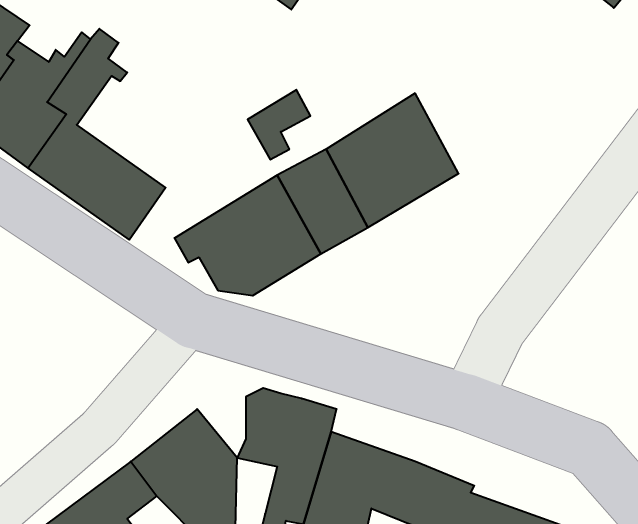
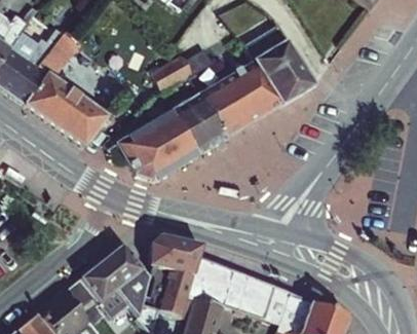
building: none -> [240,22,309,106]

